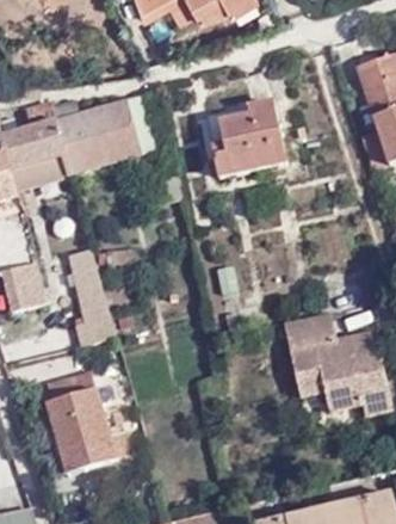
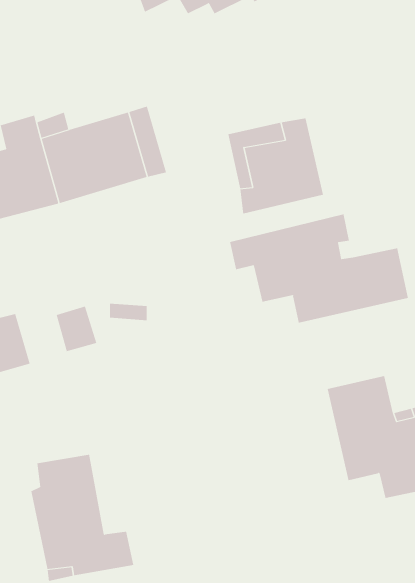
building: none -> [229,213,409,323]
building: [75,253,118,347] -> none

